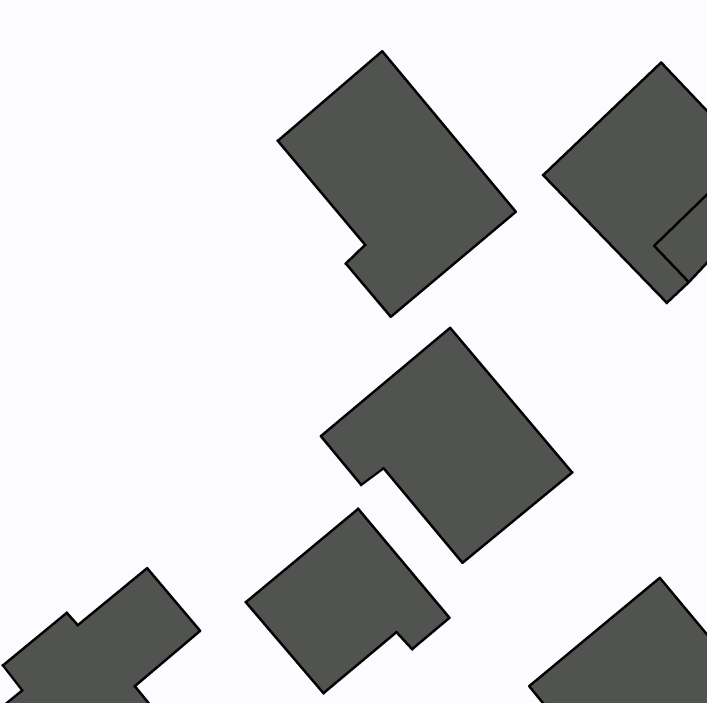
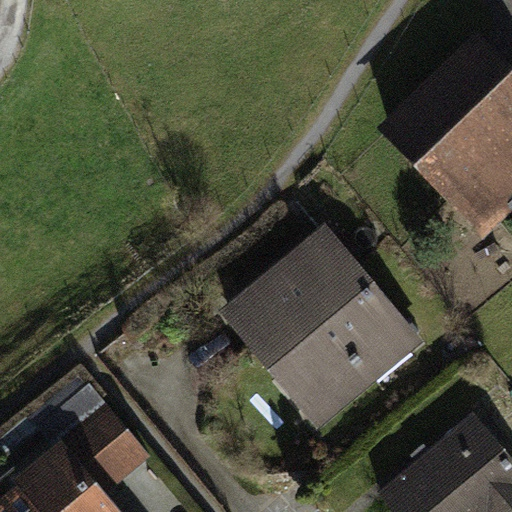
building: [278,51,516,317] -> none
building: [246,509,449,693] -> none

